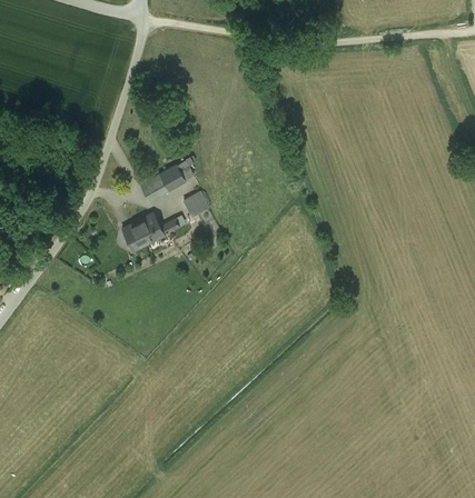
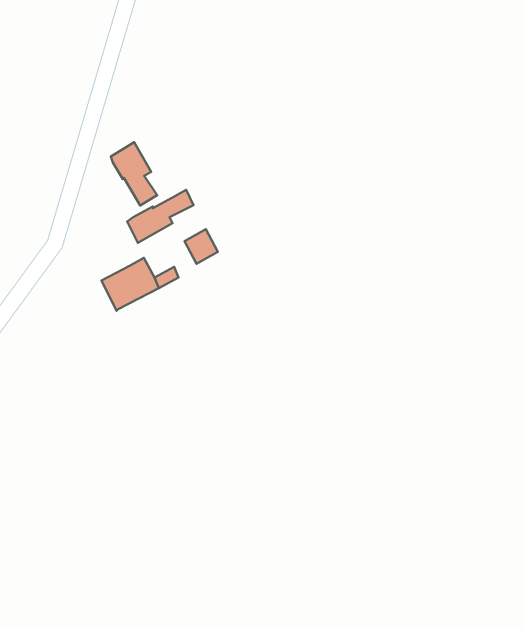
building: none -> [111,142,157,206]

